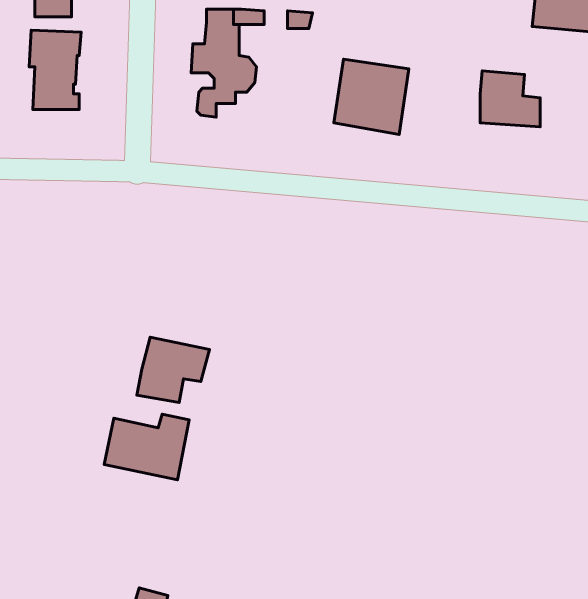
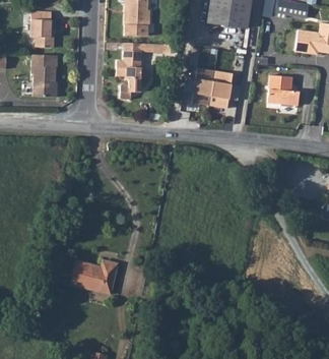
building: [137,337,209,403] -> none

